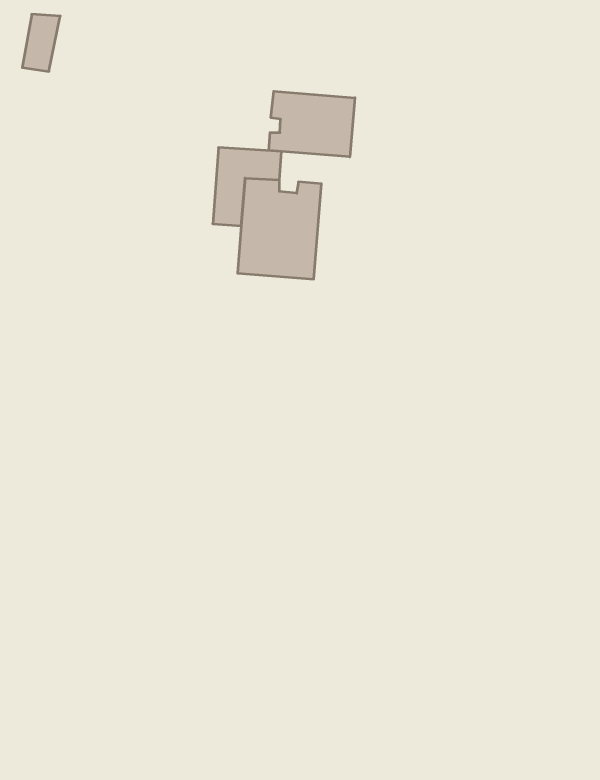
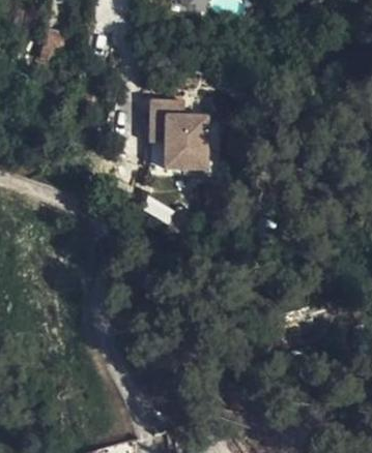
building: [269,91,355,157] -> none

